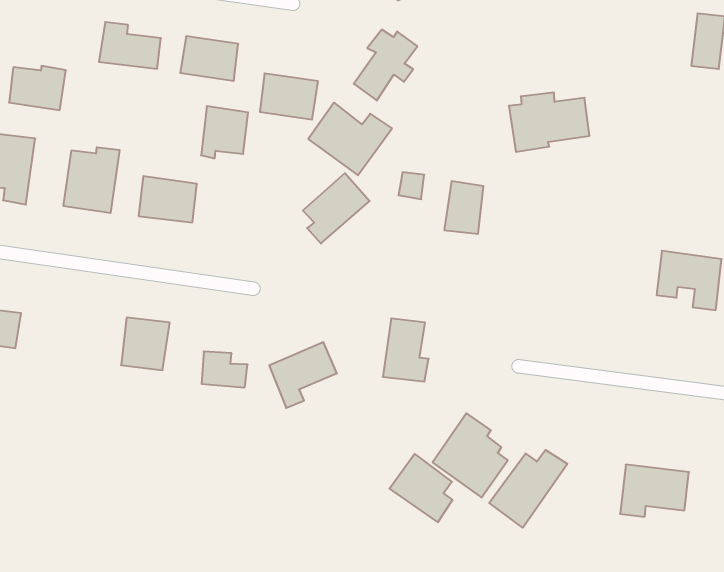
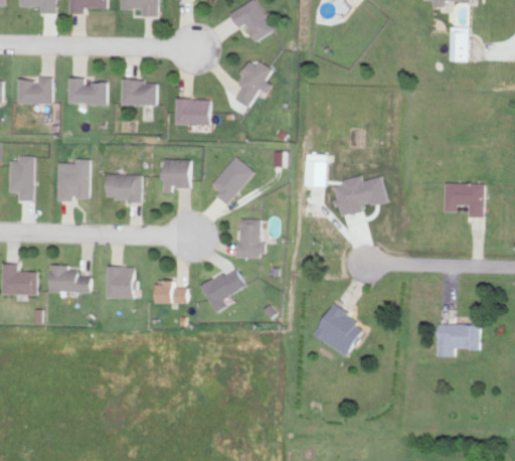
building: [9,66,66,110] -> [18,76,52,104]
building: [509,93,590,152] -> [333,175,387,216]
building: [308,103,392,175] -> none
building: [201,106,248,158] -> [163,159,190,192]
building: none -> [49,265,90,293]
building: [383,319,429,382] -> [237,219,266,258]
building: [489,450,567,528] -> none
building: [389,454,452,522] -> none

